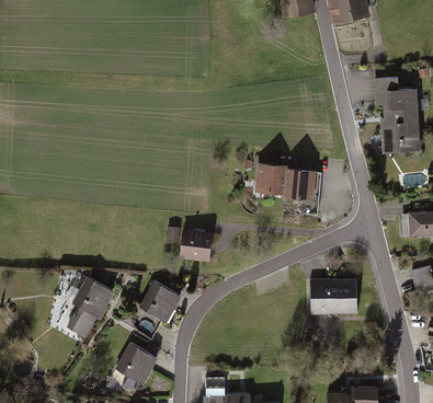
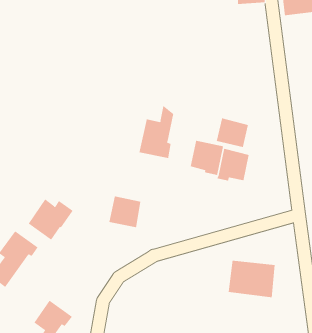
building: none -> [139,105,174,159]
building: none -> [216,117,249,148]
building: [139,280,184,322] -> [28,199,73,240]

